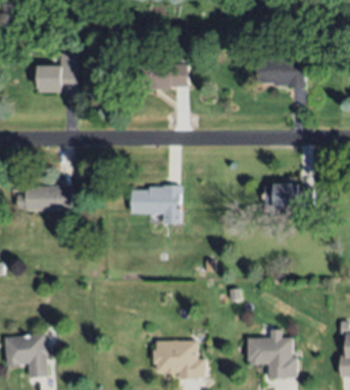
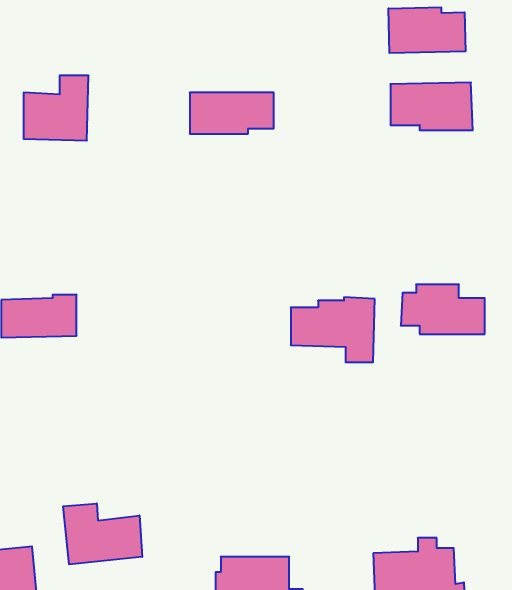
building: none -> [388,7,465,53]
building: [131,185,181,224] -> [291,297,375,362]
building: none -> [63,503,142,564]

